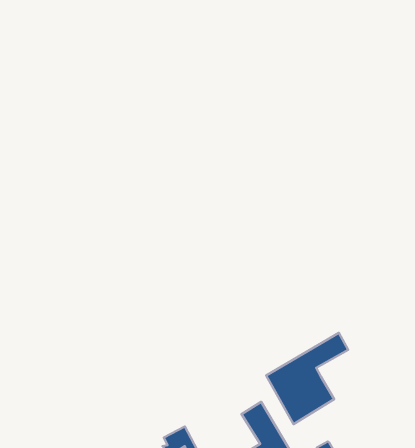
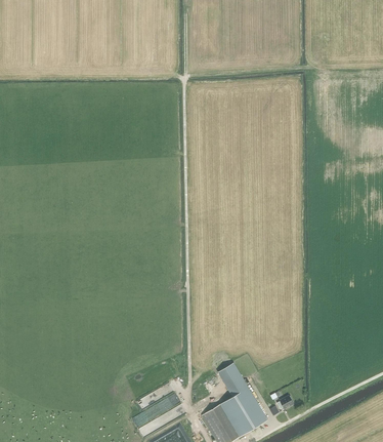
building: [266,333,348,424] -> none

